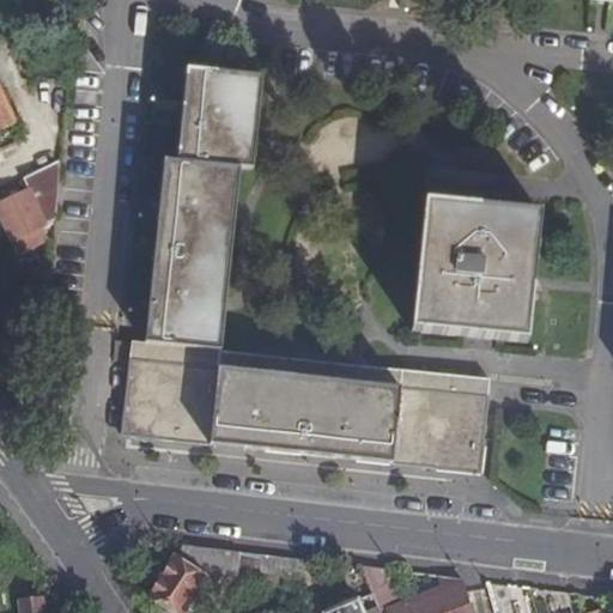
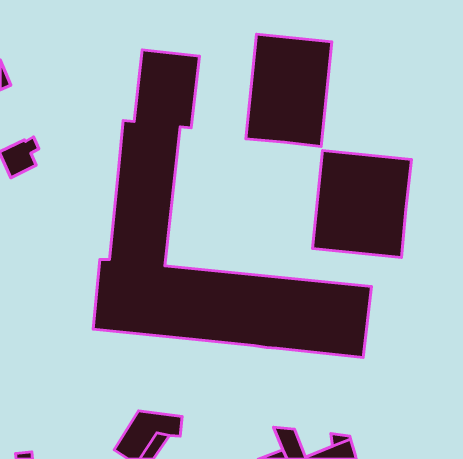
building: none -> [246,34,332,146]

